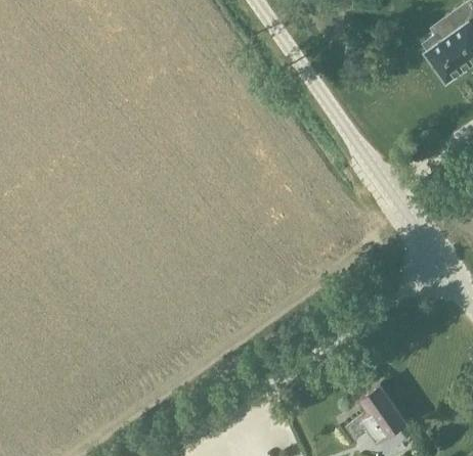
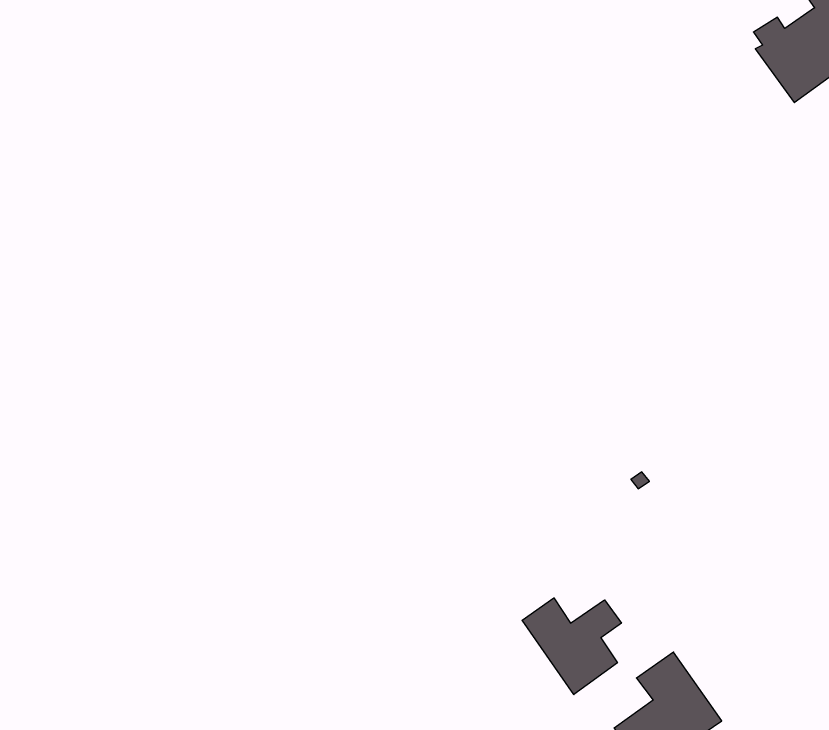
building: none -> [522,598,621,695]

